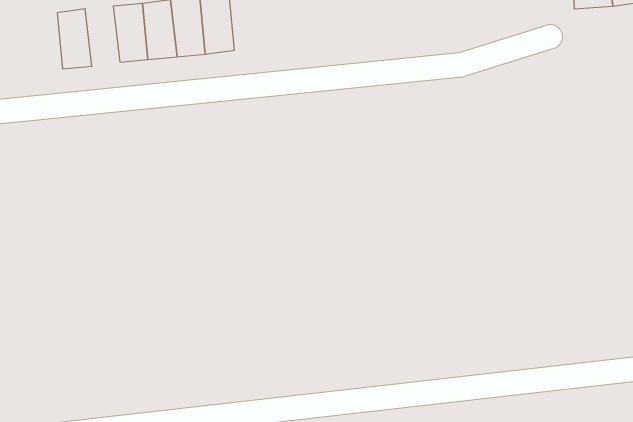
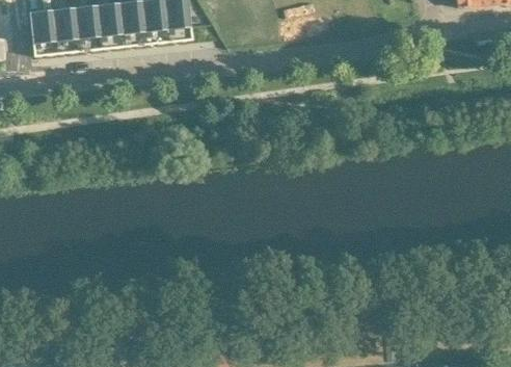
building: none -> [76,6,103,53]
building: none -> [29,11,58,57]

